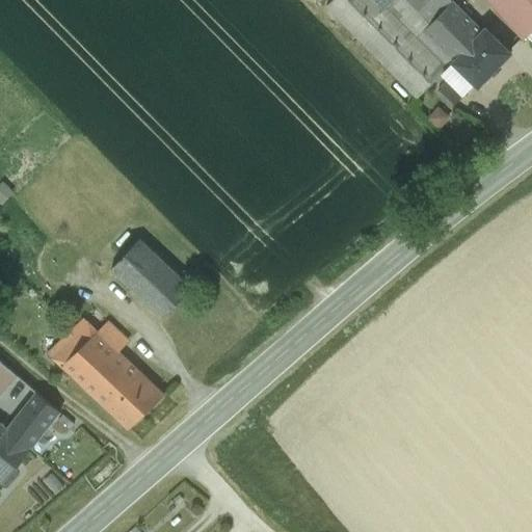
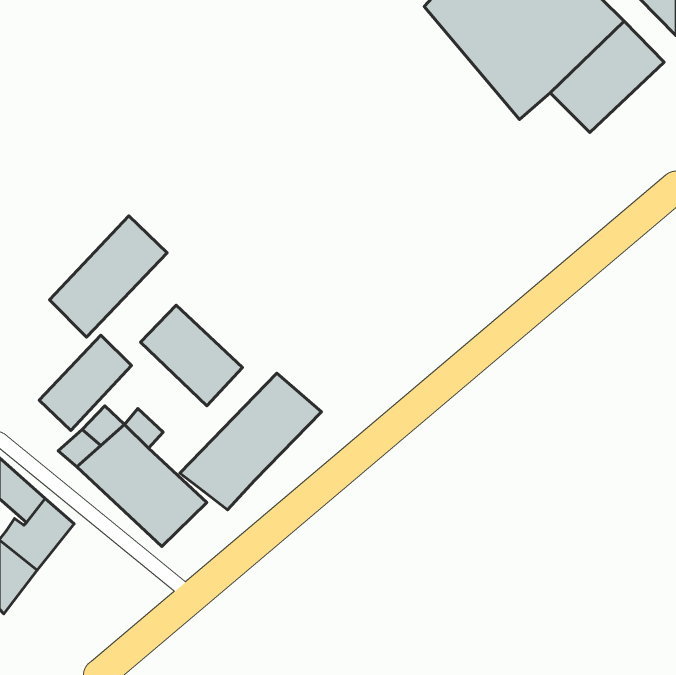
building: none -> [49,216,167,337]
building: none -> [39,335,131,431]
building: none -> [180,373,322,510]

